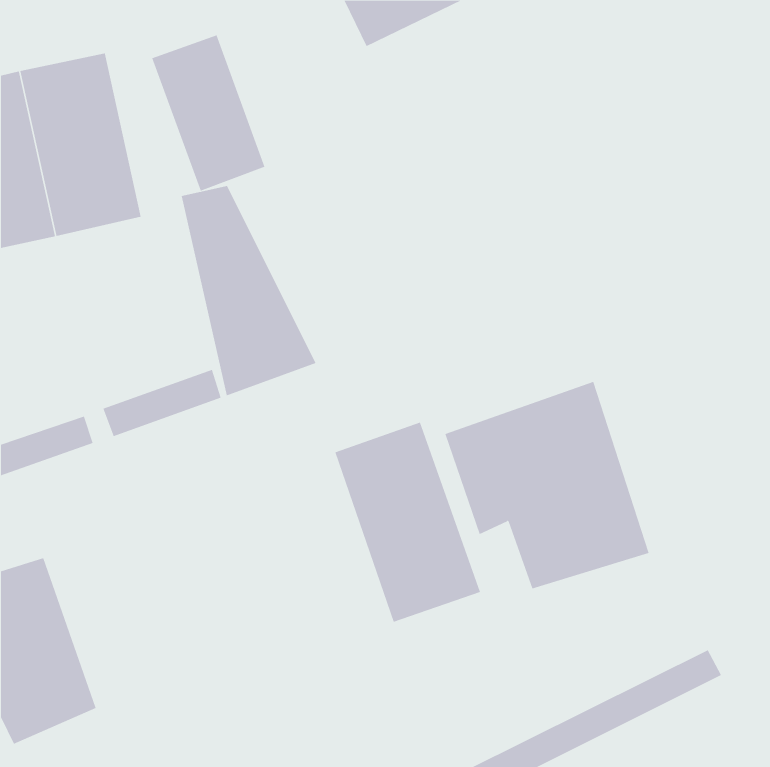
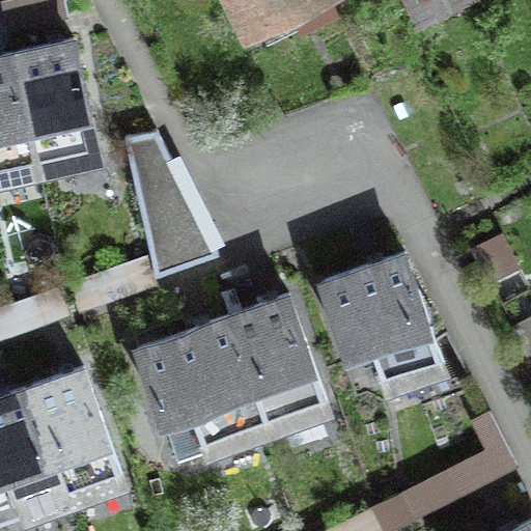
building: [151,35,265,191] -> none
building: none -> [137,313,271,463]
building: none -> [30,367,121,490]

